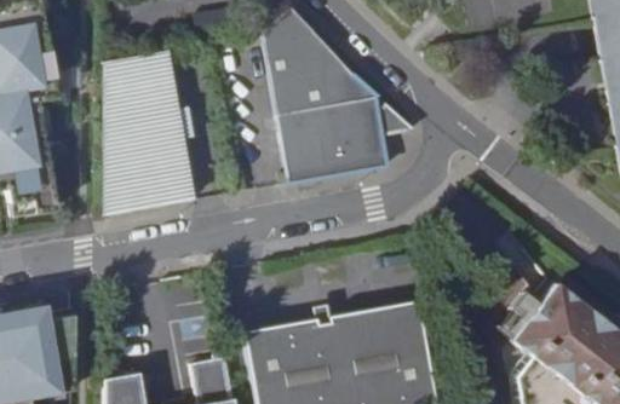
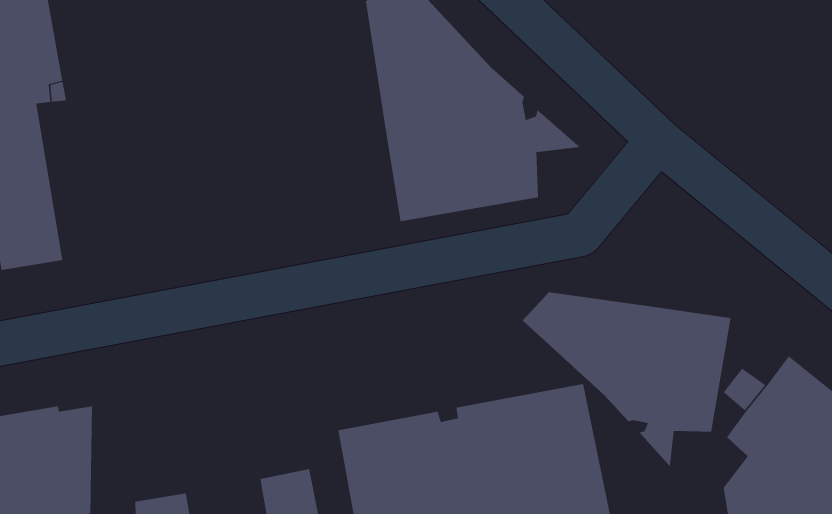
building: [102,53,193,218] -> none
building: none -> [522,291,731,468]

